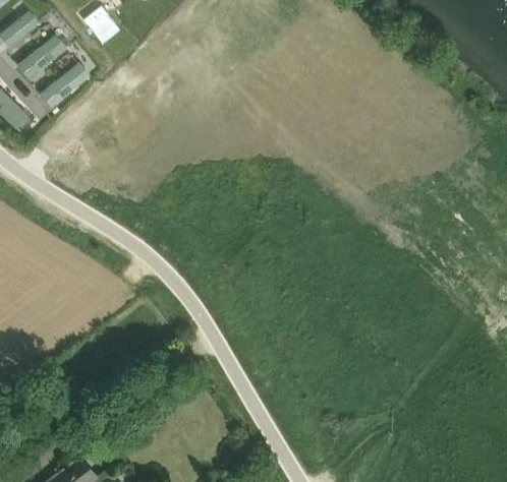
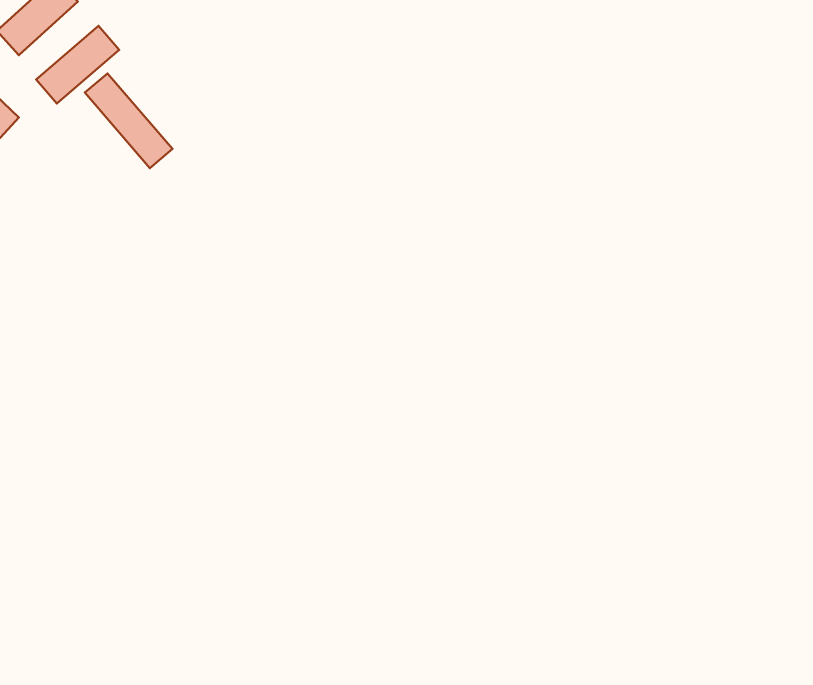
building: none -> [85,73,172,168]

